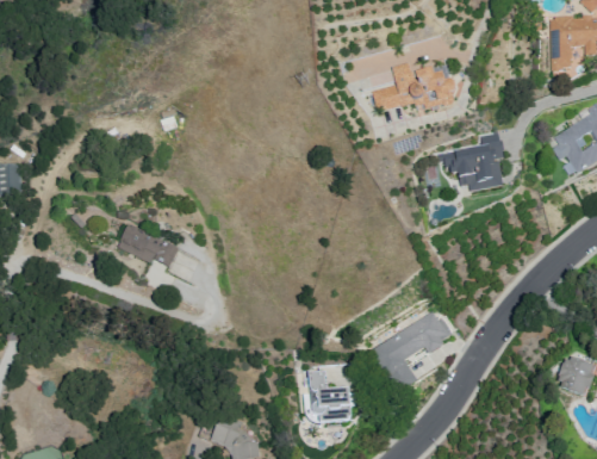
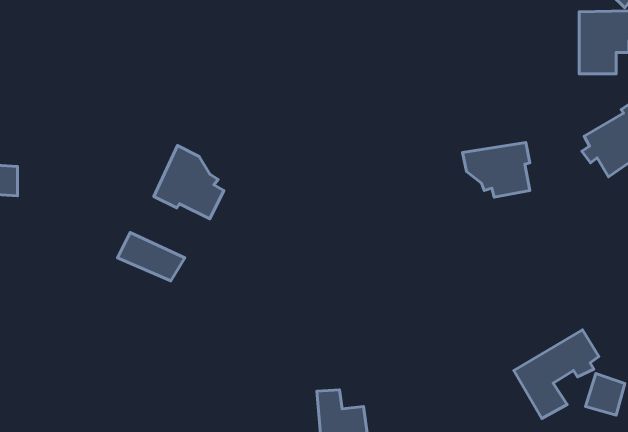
building: [373,62,456,114] -> none
building: none -> [154,146,224,219]
building: [369,309,449,392] -> [514,330,599,419]

